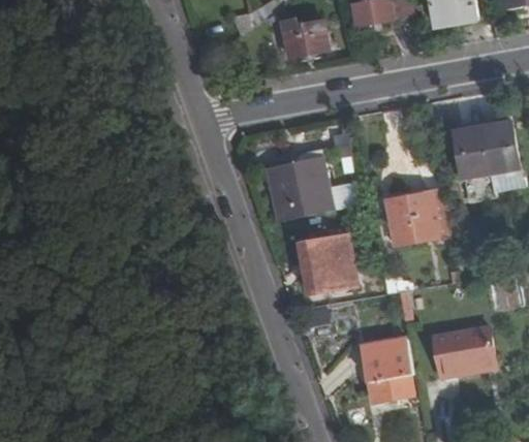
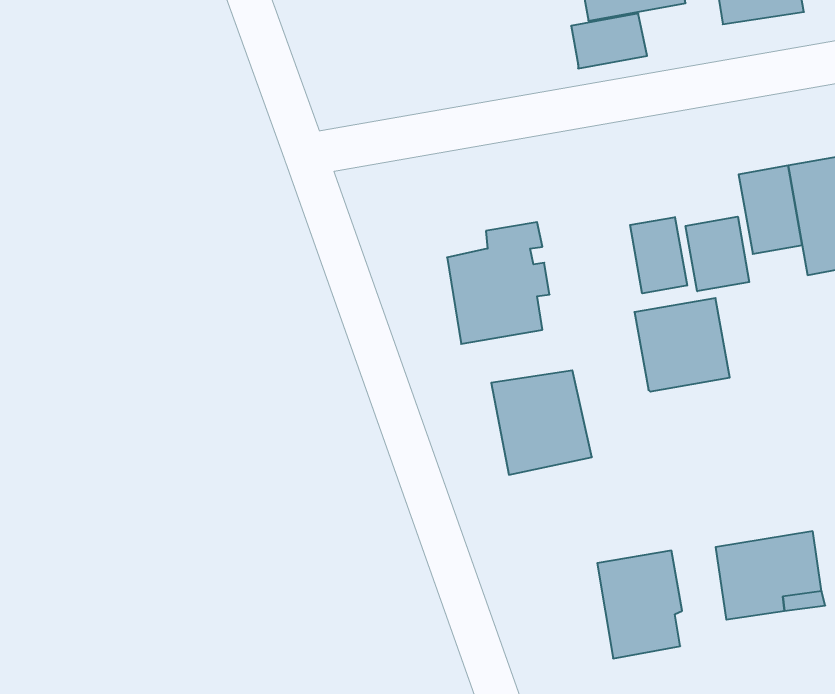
building: [286,26,331,58] -> [571,14,647,68]
building: none -> [686,217,749,291]
building: none -> [630,217,687,293]

